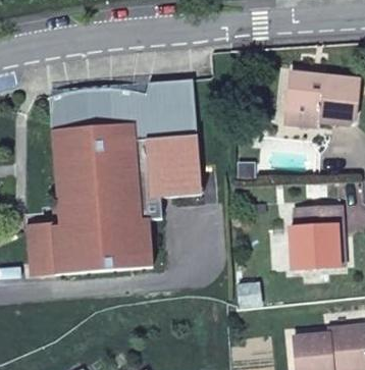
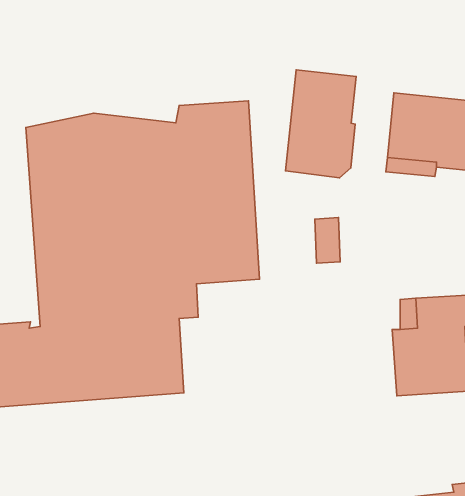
building: none -> [286,70,356,178]

